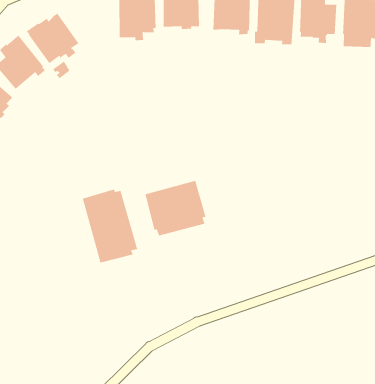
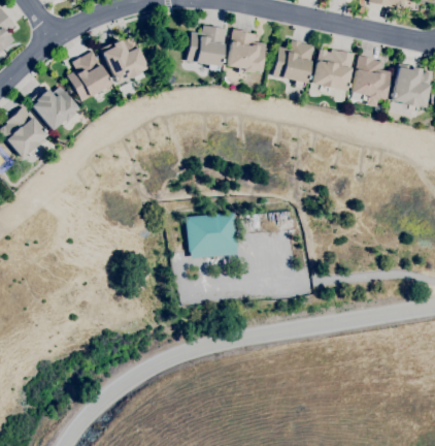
building: [82,189,138,263] -> none

